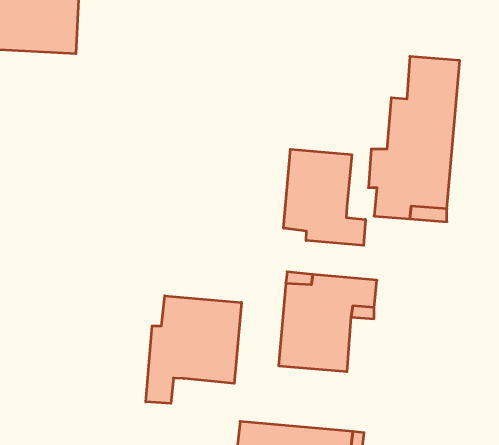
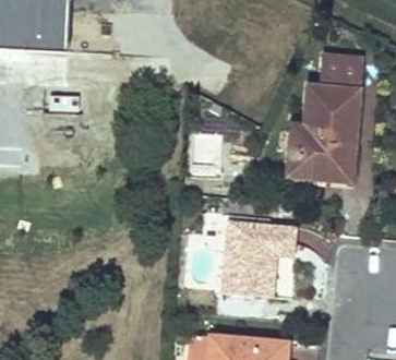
building: [284,149,365,245] -> none
building: [146,296,241,403] -> none

